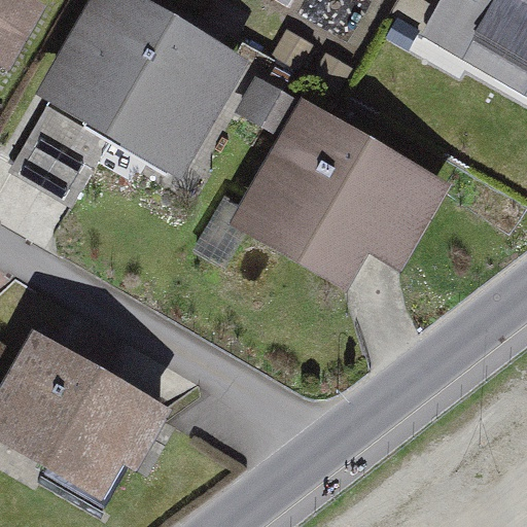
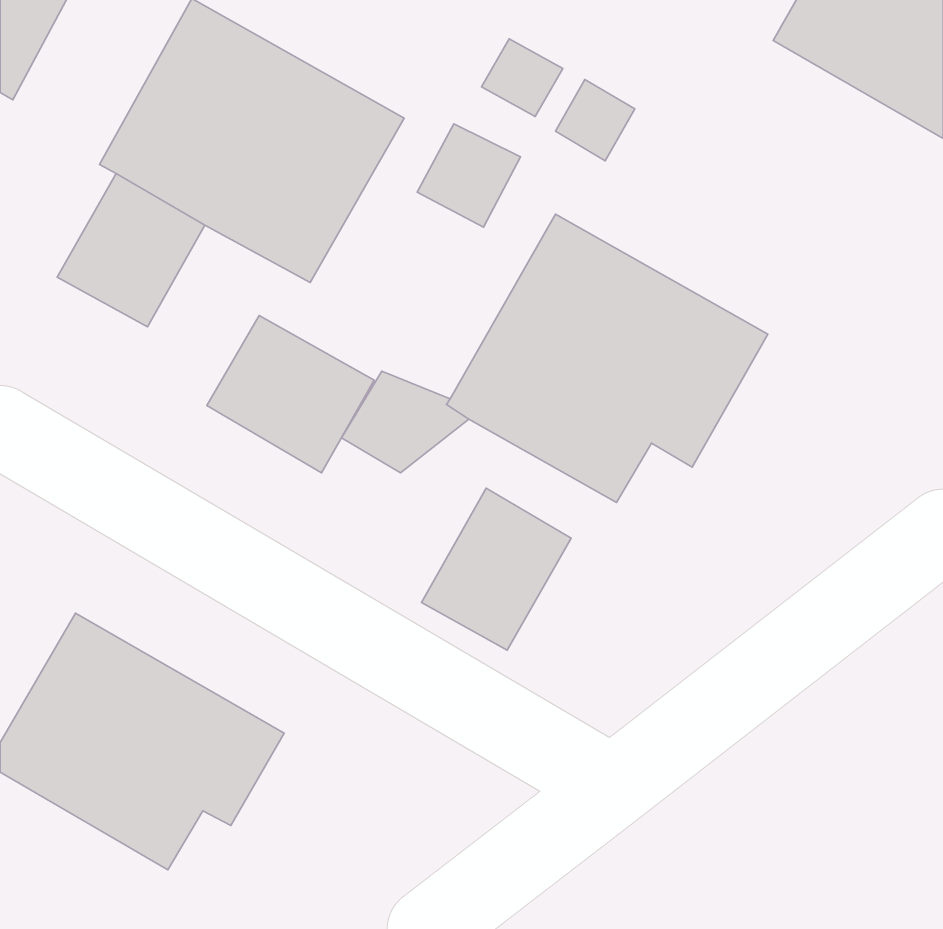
building: none -> [207,315,374,473]
building: none -> [421,488,571,650]

